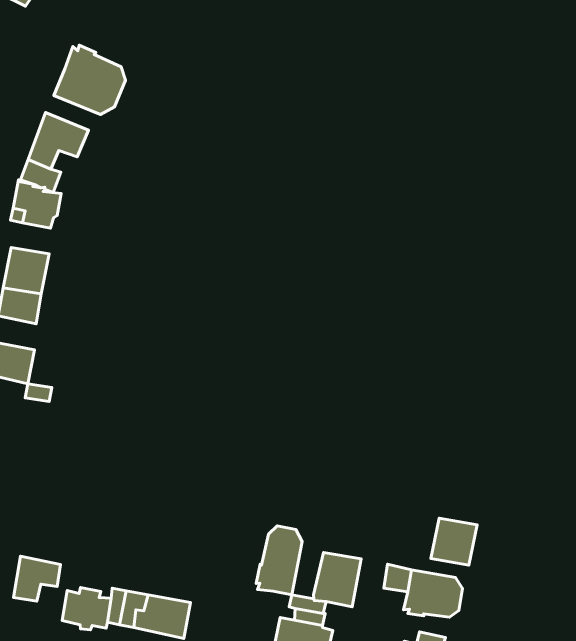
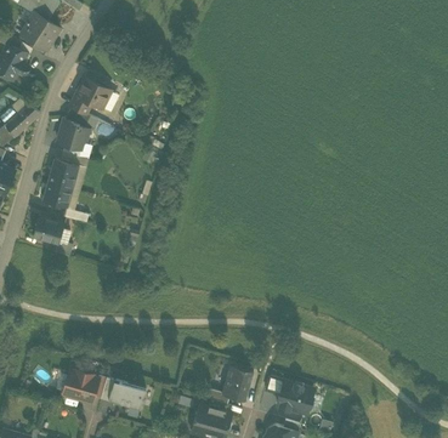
building: [54,45,125,115] -> none
building: [431,518,477,565] -> none
building: [256,526,302,595] -> none
building: [13,556,61,601] -> none

